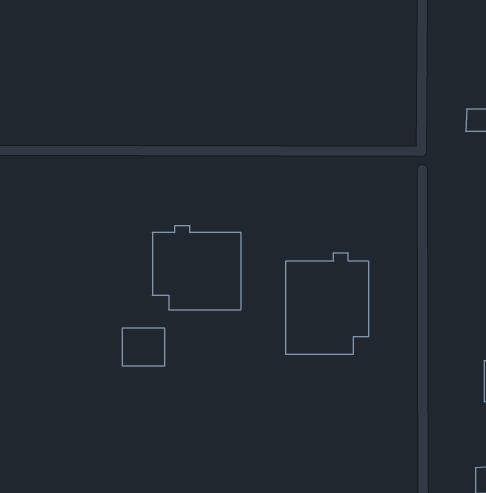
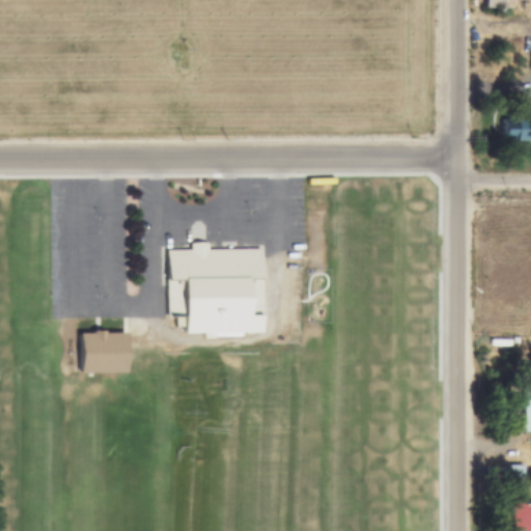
building: [286,253,368,354] -> none
building: [122,328,165,366] -> [84,332,130,372]

